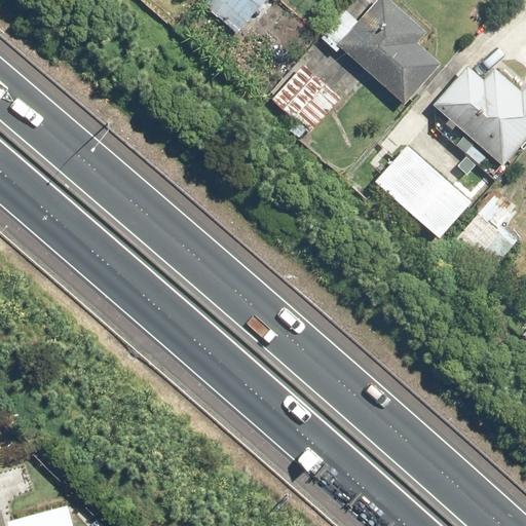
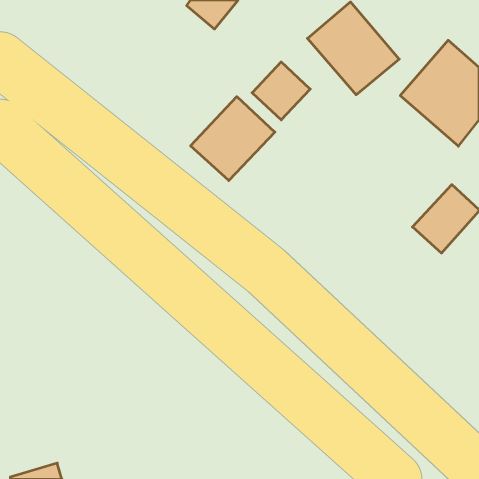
building: none -> [191,97,275,181]
building: [375,145,468,234] -> none

